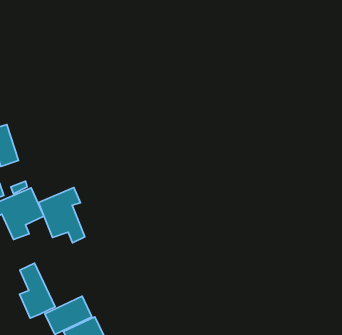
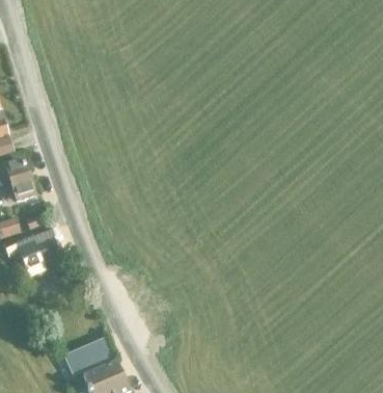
building: [38,188,85,243] -> none
building: [20,263,55,318] -> none

